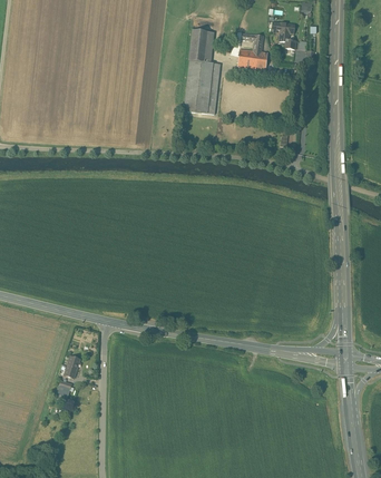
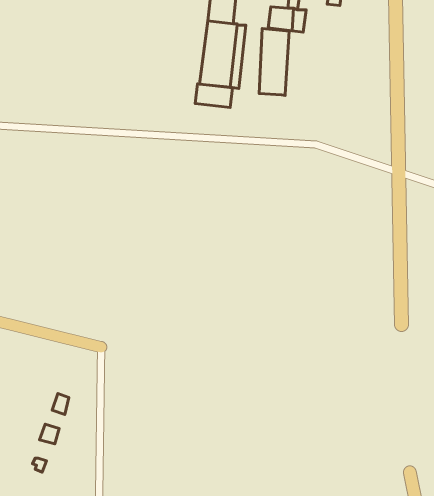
building: none -> [259,29,289,96]
building: none -> [195,84,232,108]

